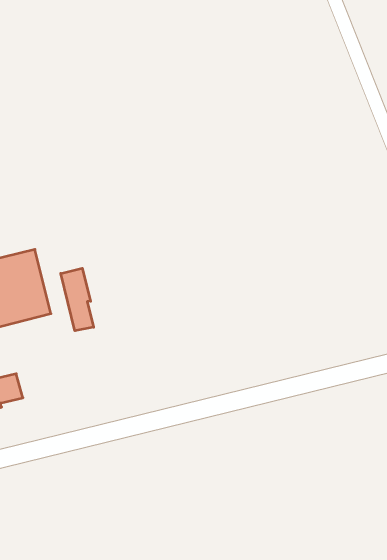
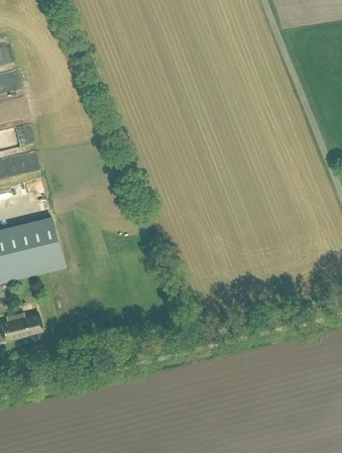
building: [61,268,94,331] -> none

